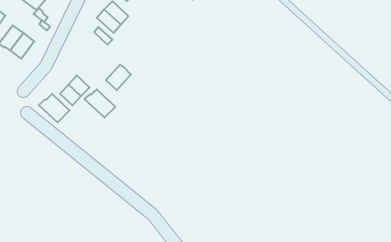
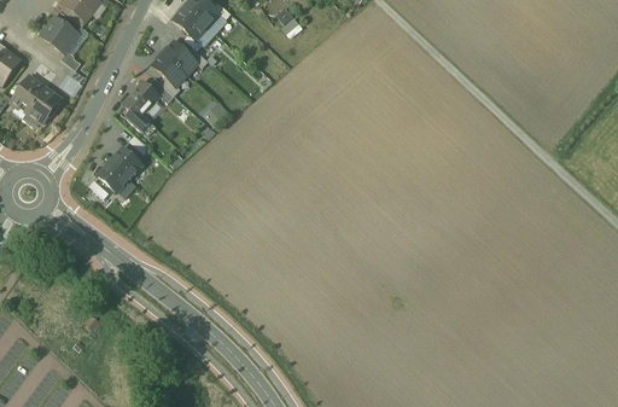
building: [106,64,131,90] -> [122,81,158,118]
building: [85,89,115,118] -> none
building: [39,94,70,122] -> none

